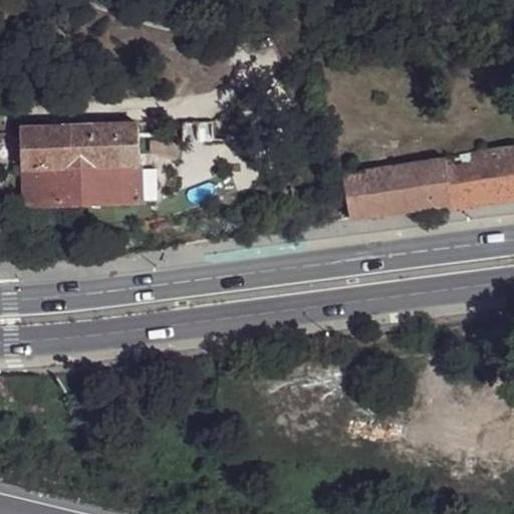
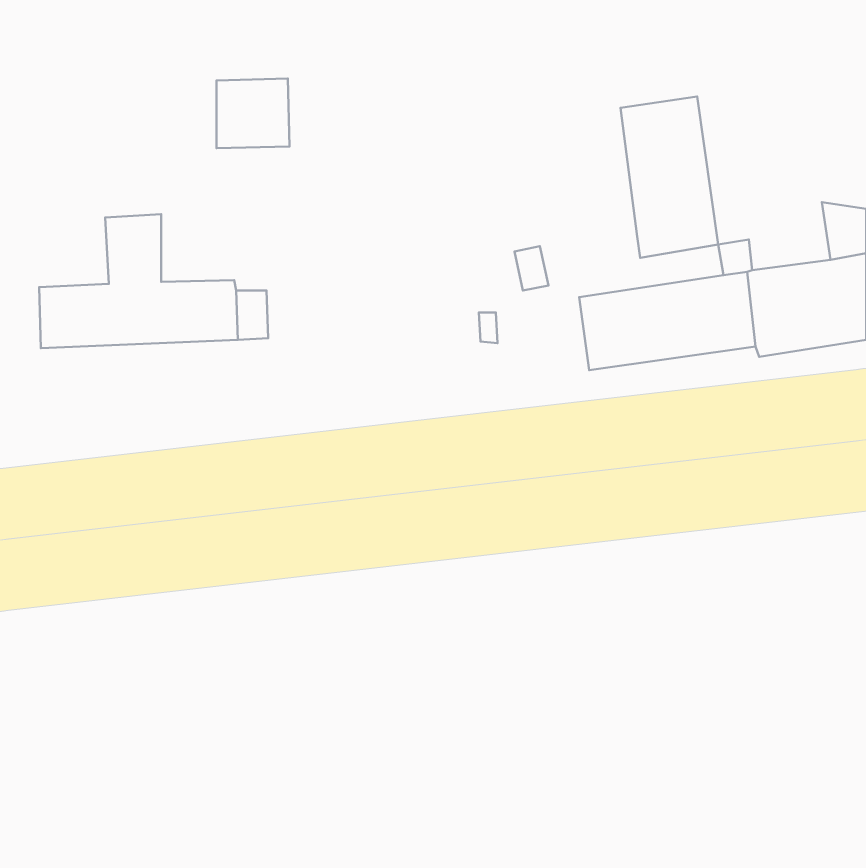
building: none -> [620,97,718,258]
building: [95,125,139,167] -> [217,79,290,148]
building: [21,128,64,170] -> none

